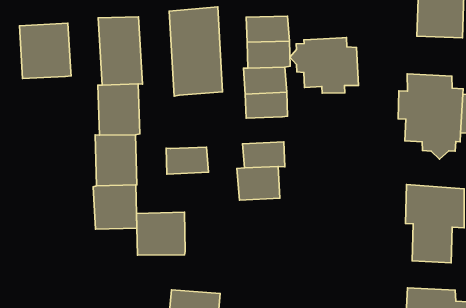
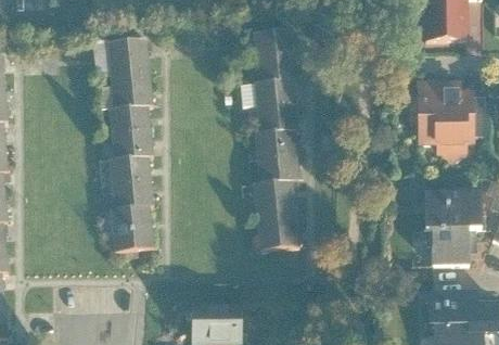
building: [169,7,223,96] -> none
building: [19,23,71,79] -> none
building: [290,38,358,93] -> none
building: [166,147,208,174] -> [253,129,296,158]
building: none -> [255,210,299,251]
building: [136,212,185,255] -> none

